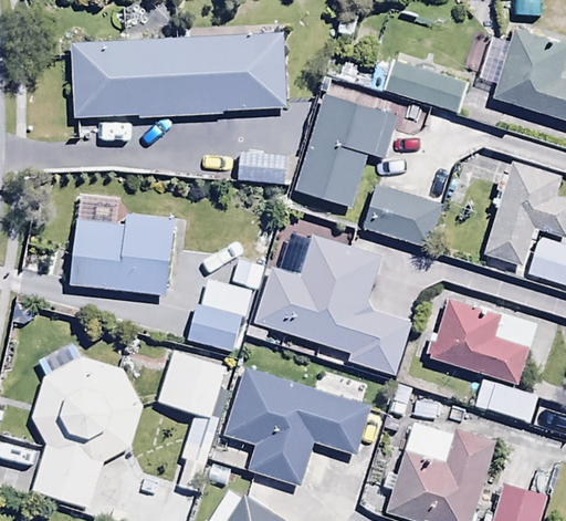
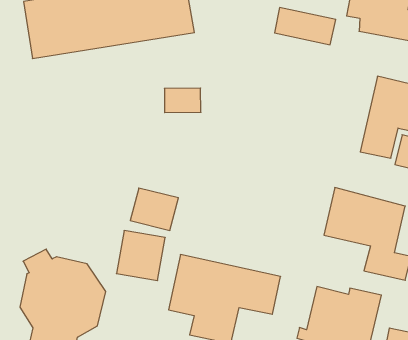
building: [294,94,397,209] -> none
building: [364,186,441,249] -> none
building: [70,213,176,296] -> none
building: [253,233,411,377] -> none

